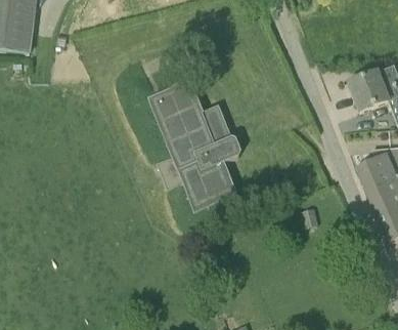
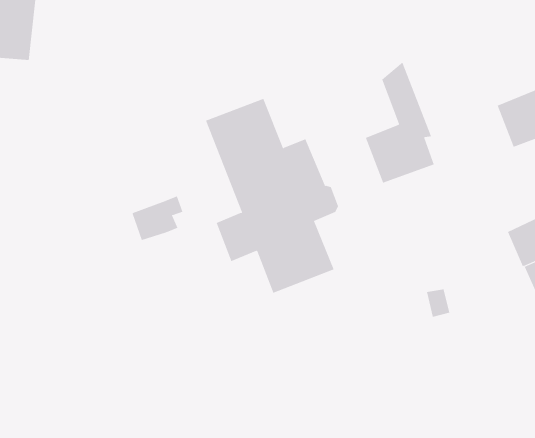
building: none -> [365,61,434,183]
building: none -> [132,195,183,241]

